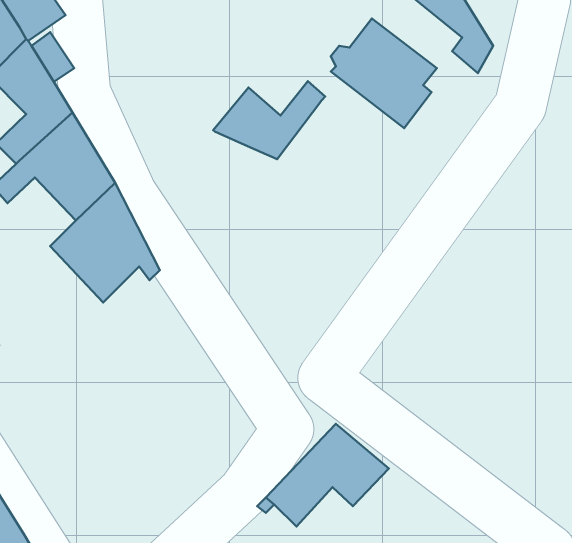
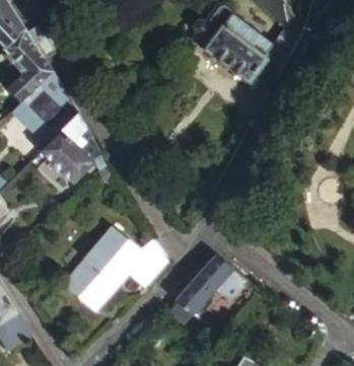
building: [213,81,325,159] -> none
building: none -> [16,112,57,152]
building: none -> [65,225,168,310]

